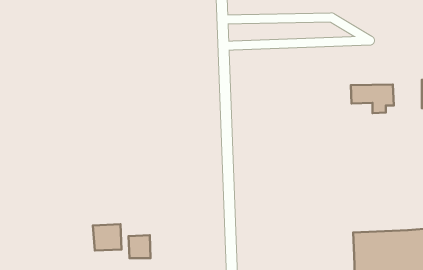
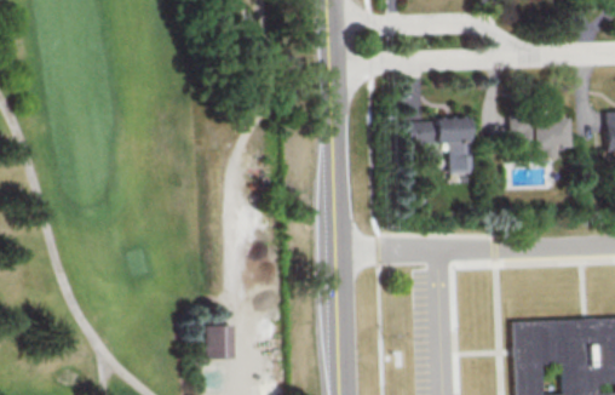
building: none -> [408,118,472,173]
building: [93,224,121,250] -> none

